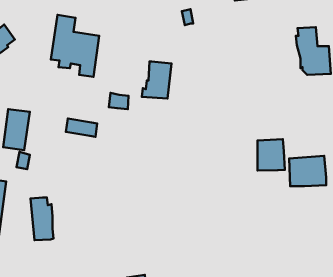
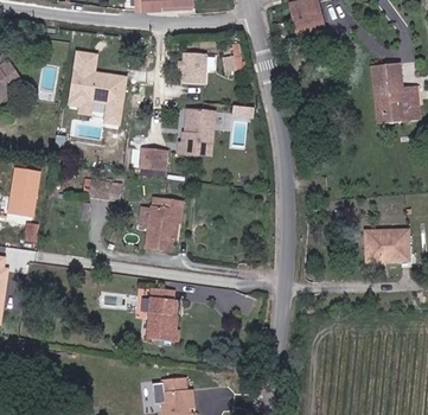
building: none -> [186,53,211,85]
building: none -> [140,198,184,250]
building: [257,139,285,170] -> none
building: [31,197,53,240] -> [146,286,174,339]

